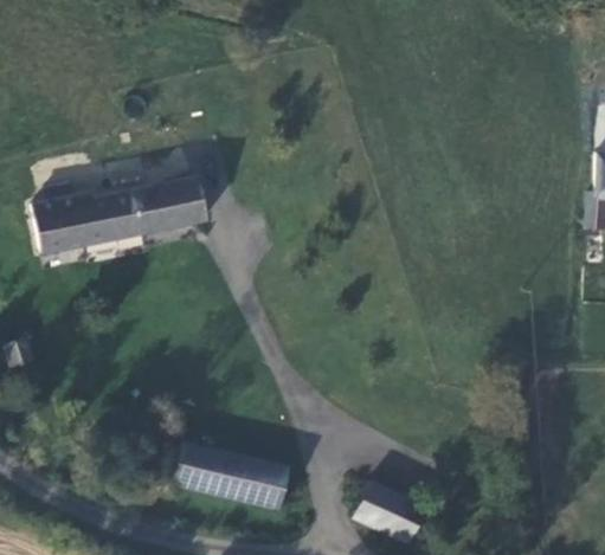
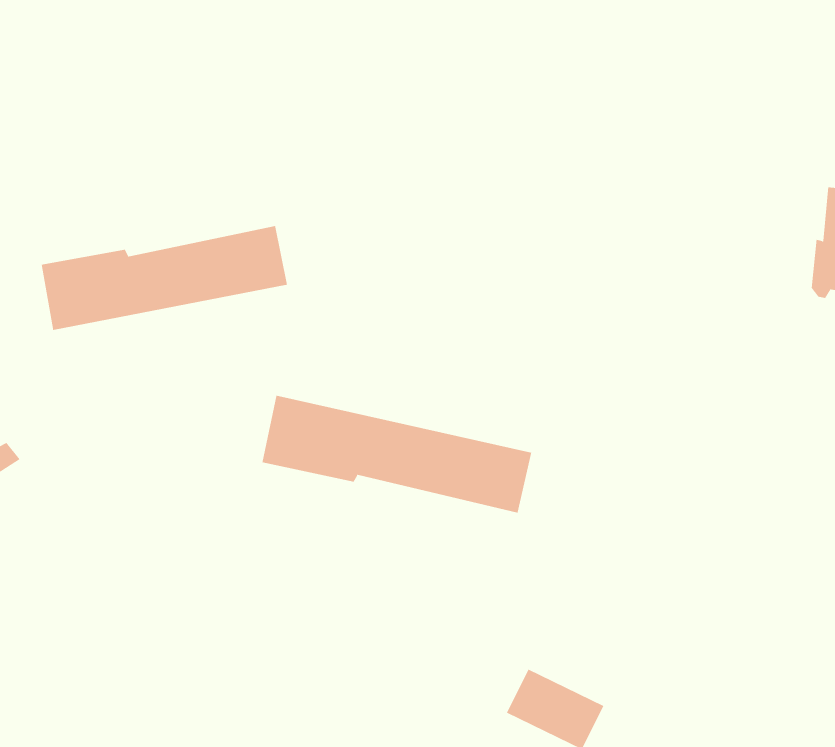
building: none -> [262,395,532,513]
building: [181,451,294,506] -> none

